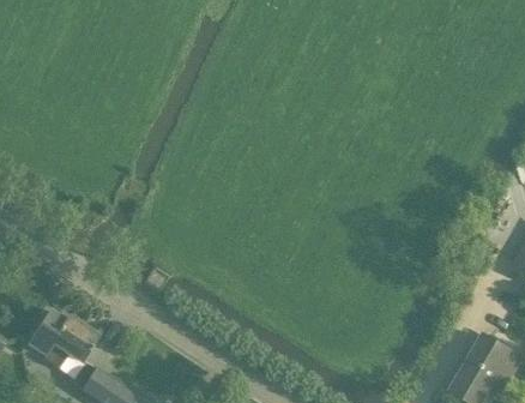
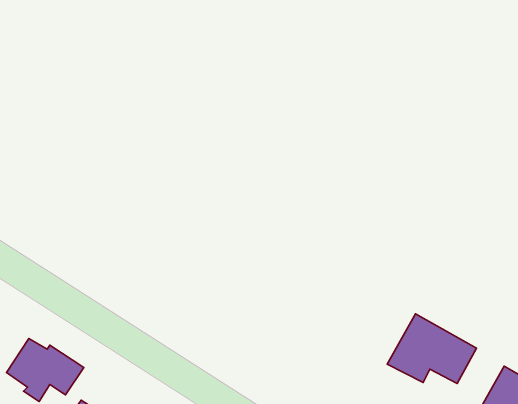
building: none -> [387,314,477,384]

